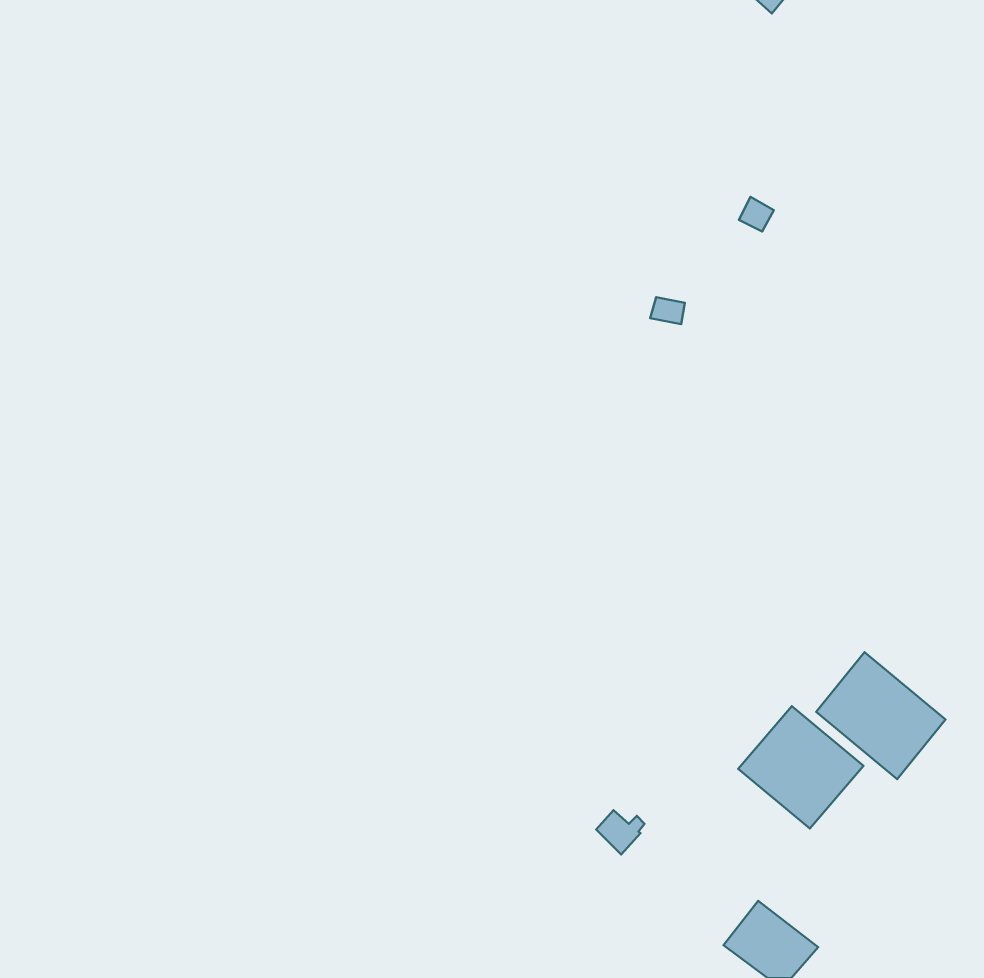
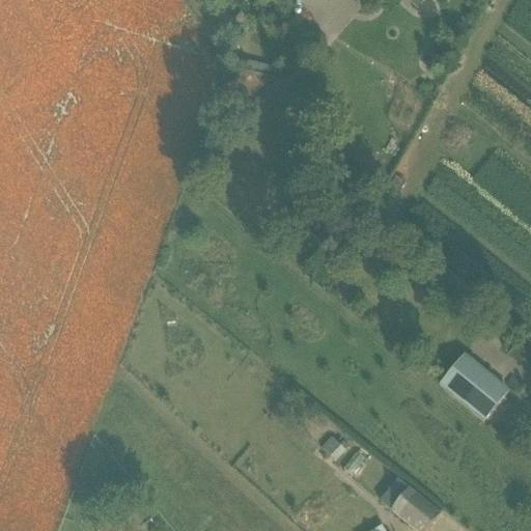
building: [738,706,864,828] -> none

